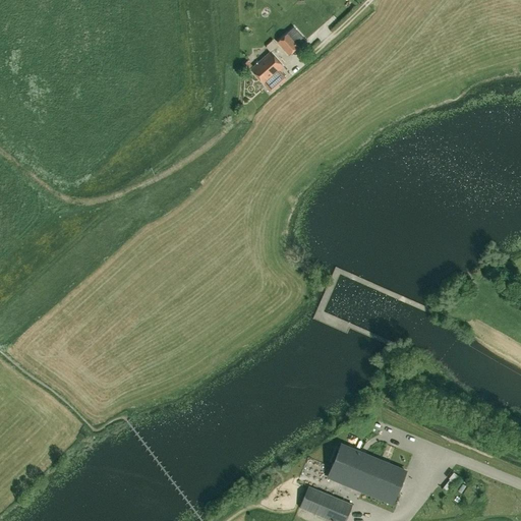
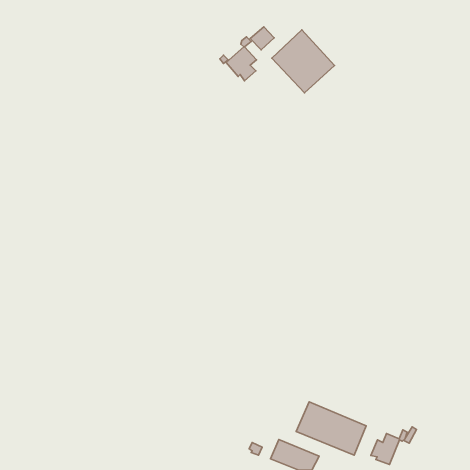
building: none -> [272,30,334,93]
building: none -> [371,430,407,464]

